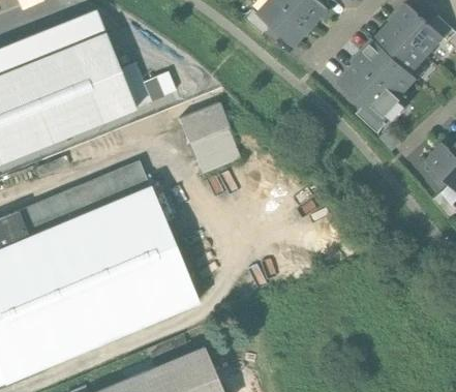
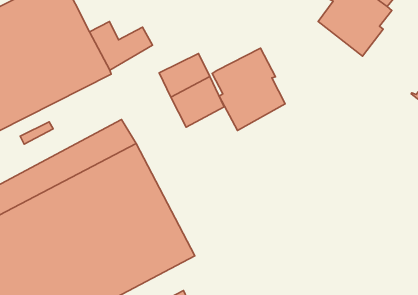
building: none -> [212,48,285,130]

